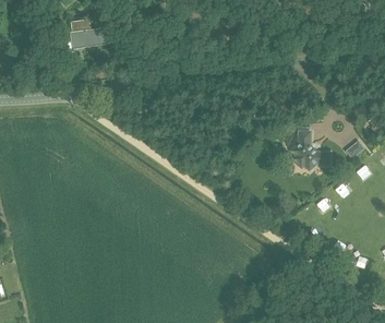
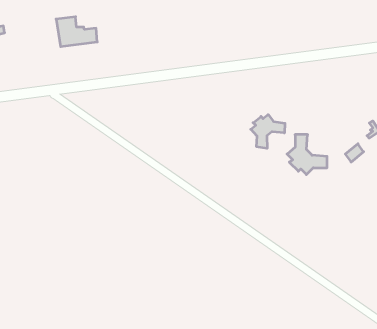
building: none -> [251,115,285,148]

